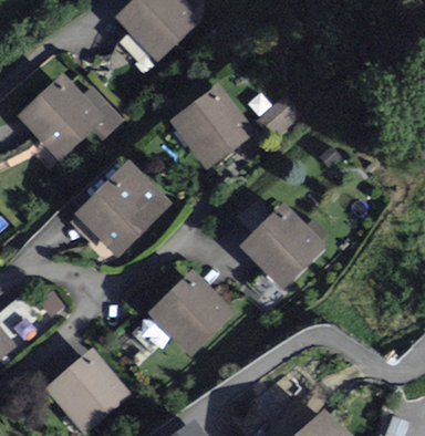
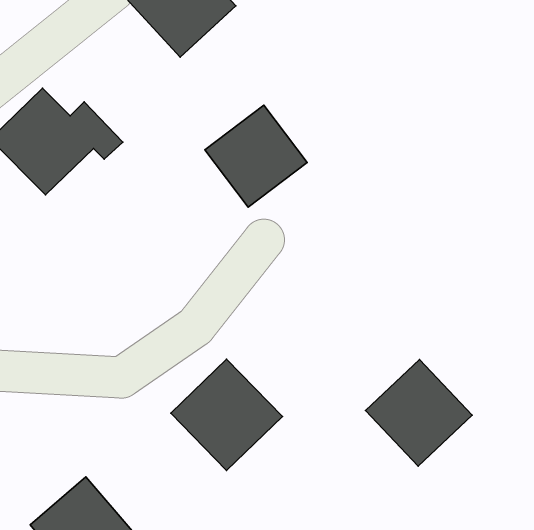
building: [79,165,166,252] -> none
building: [245,207,321,283] -> [365,359,472,466]

